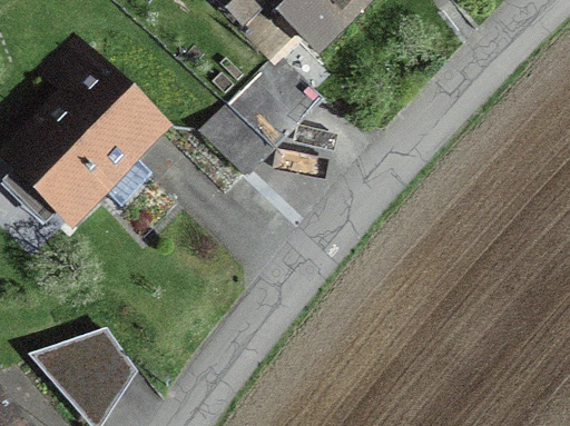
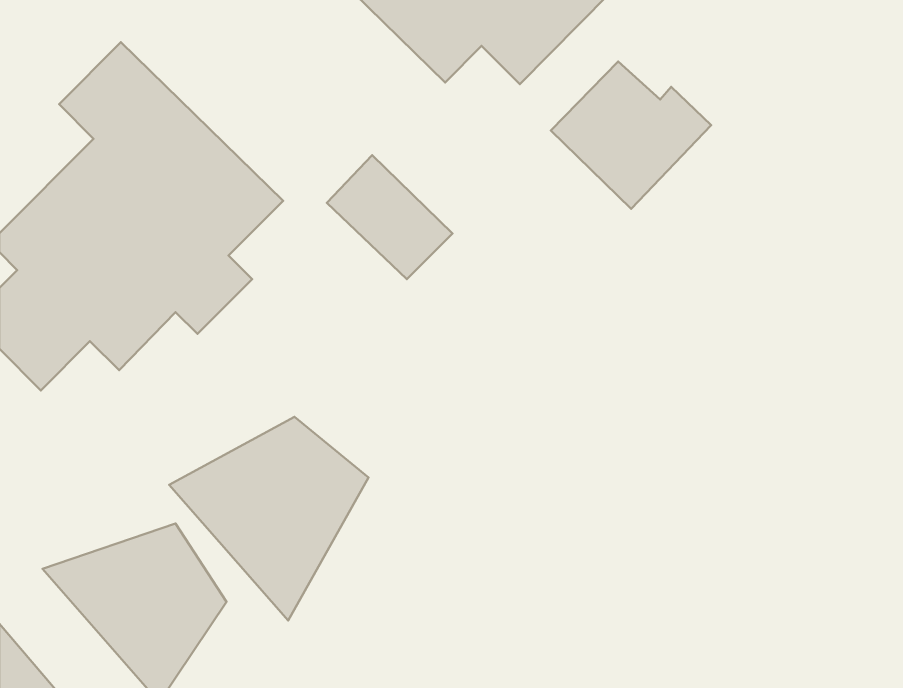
building: [229,56,327,146] -> [551,61,711,209]
building: none -> [169,417,369,620]

